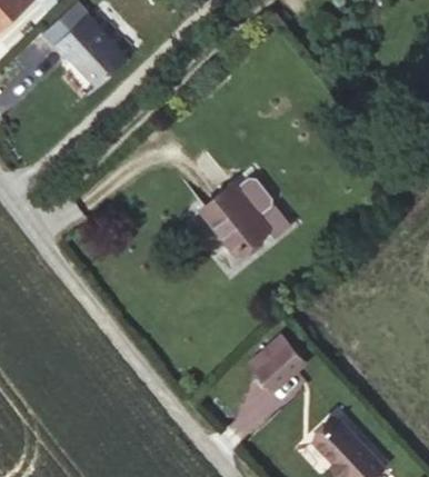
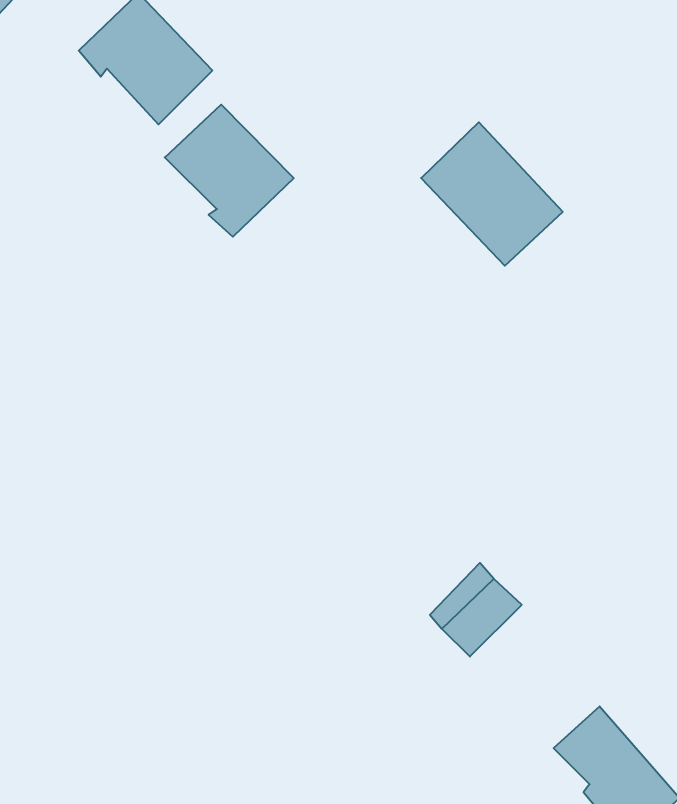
building: none -> [165,105,294,237]
building: [199,175,278,255] -> [421,122,563,266]

